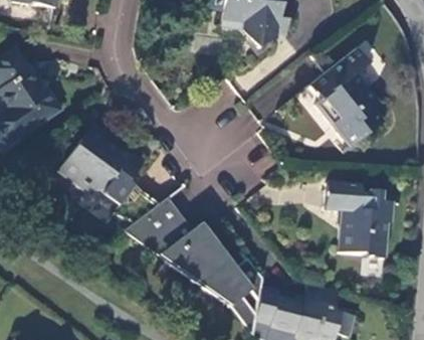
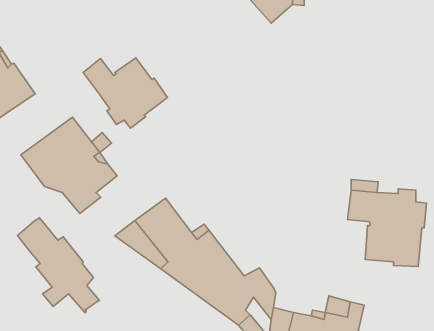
building: [313,49,384,144] -> none
building: none -> [83,58,168,128]
building: none -> [18,218,100,313]

